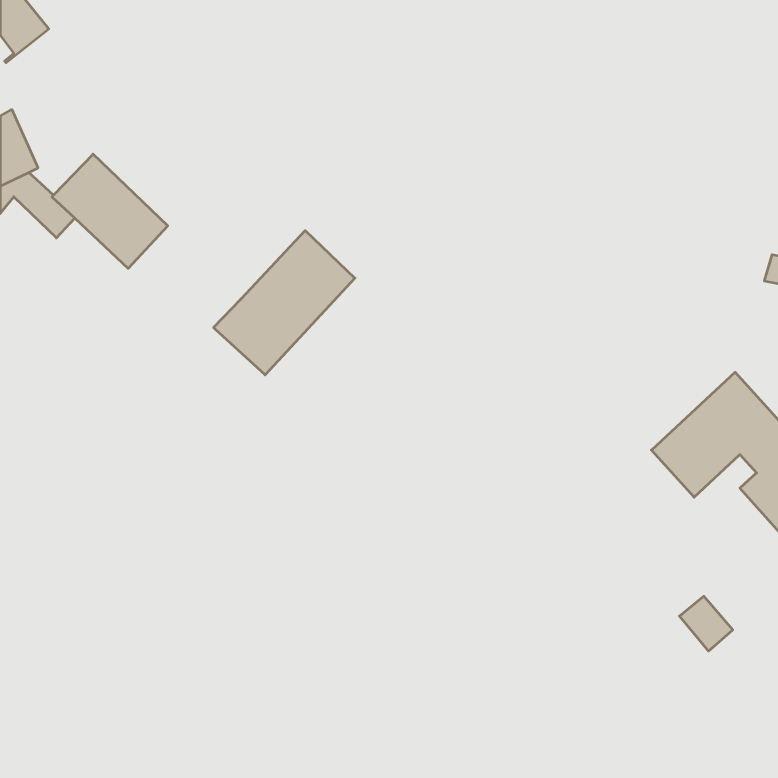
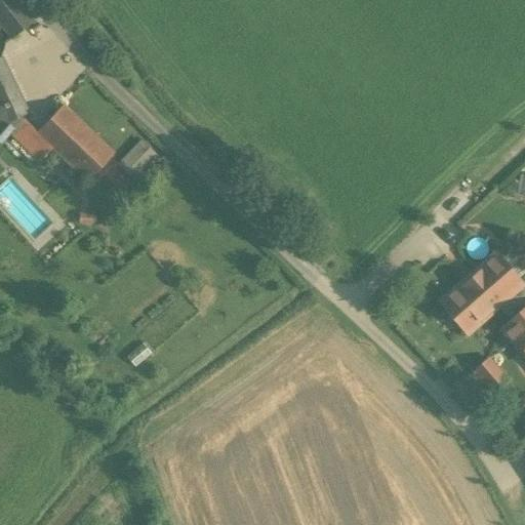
building: none -> [124,139,157,171]
building: [214,231,355,375] -> none
building: [679,596,733,651] -> [473,356,509,393]

